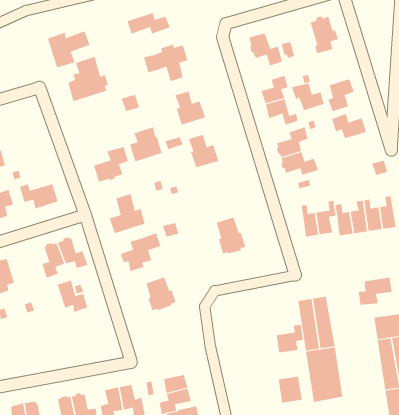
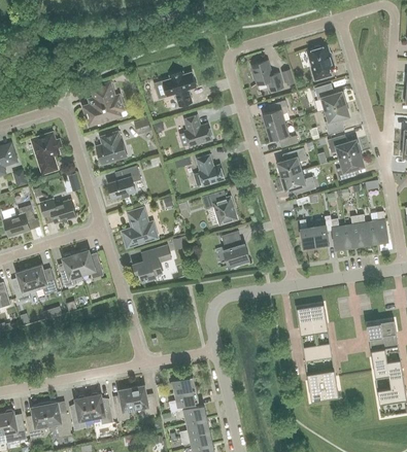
building: [127,12,171,35] -> none
building: [47,31,90,68] -> none
building: [291,83,325,111] -> [314,83,345,109]
building: none -> [32,132,59,173]
building: [129,126,163,162] -> [96,131,127,164]
building: none -> [336,152,365,180]
building: none -> [202,193,237,223]
building: [146,277,176,311] -> none
building: [358,277,392,306] -> none
building: [57,280,88,312] -> [29,265,58,294]
building: [276,324,304,353] -> none
building: [278,376,302,403] -> none

